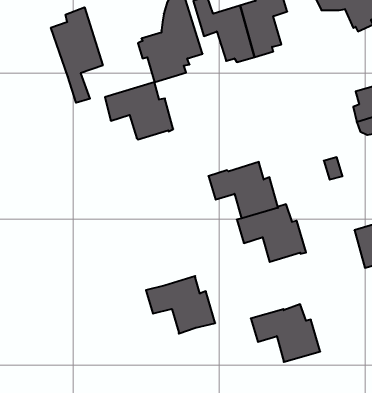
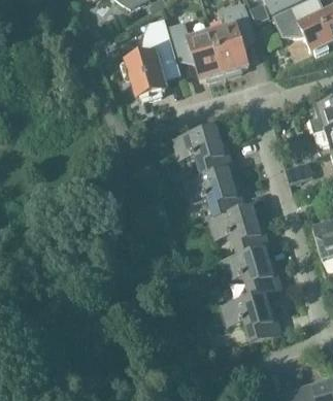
building: [51,7,103,103] -> none
building: [105,82,173,140] -> [172,125,232,175]
building: [146,276,215,334] -> [221,246,281,297]

